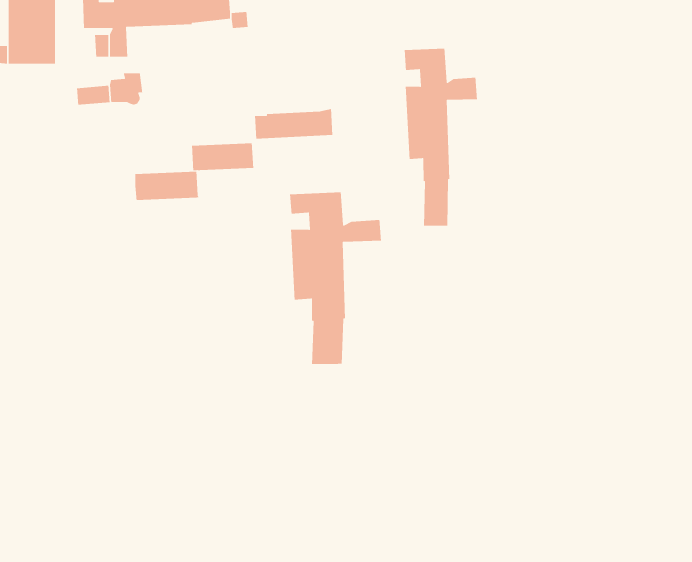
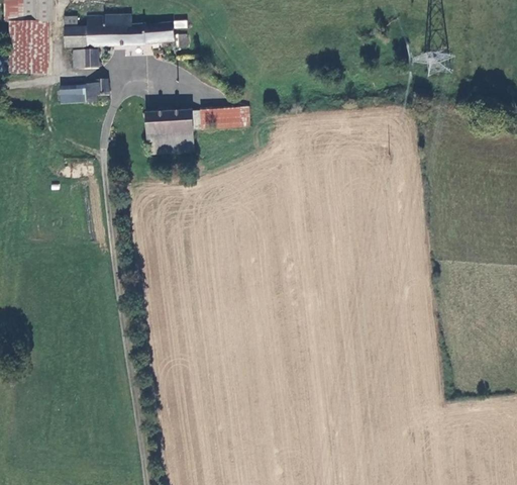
building: [404,48,478,227] -> none
building: [134,171,200,201] -> [143,110,192,132]
building: [289,192,382,365] -> none

